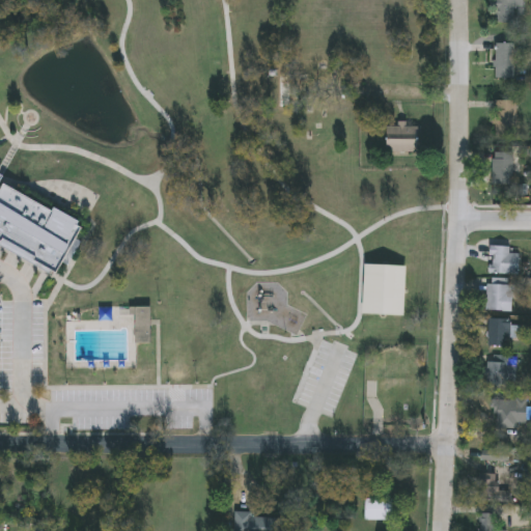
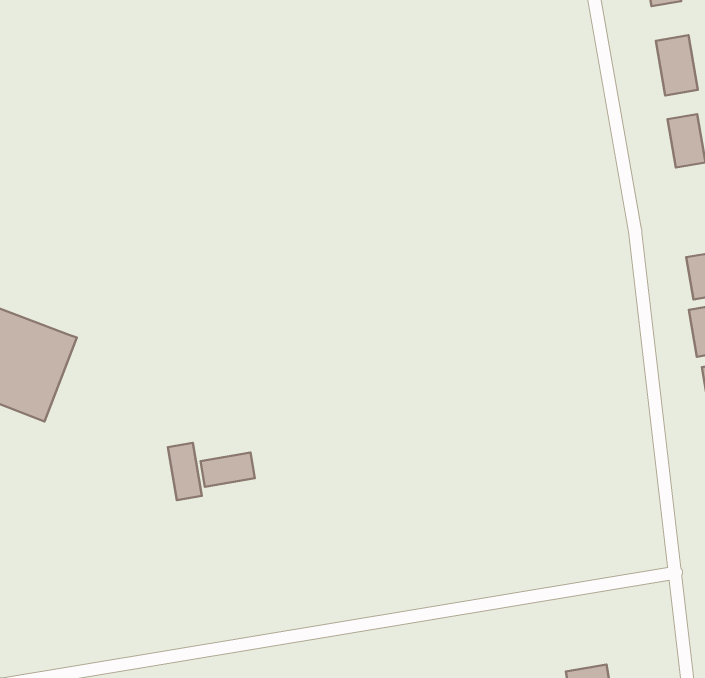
building: [387,125,418,152] -> none
building: [363,263,407,315] -> none
building: none -> [200,453,255,487]

